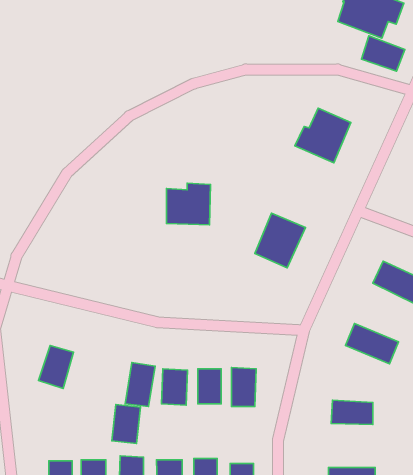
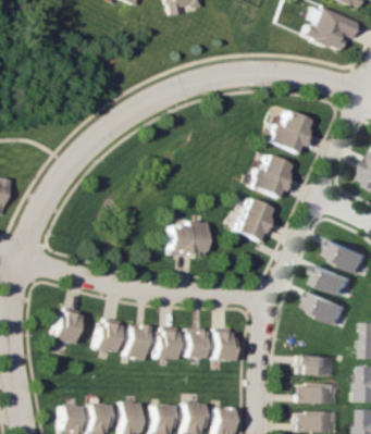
building: [361,36,405,71] -> none
building: none -> [244,154,289,199]
building: [167,183,211,225] -> [163,221,200,256]
building: none -> [317,264,356,296]
building: [112,404,140,443] -> [91,319,115,351]
building: none -> [292,384,331,404]

